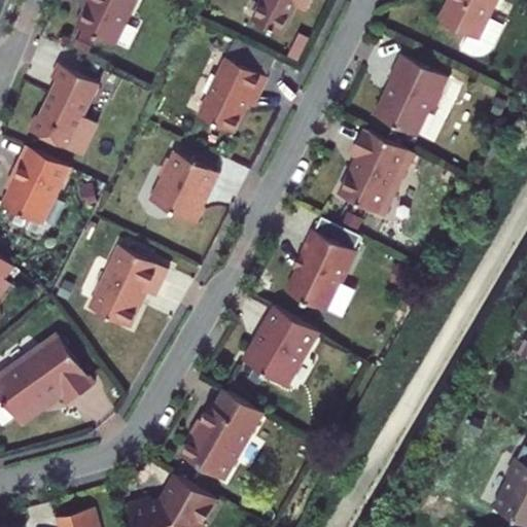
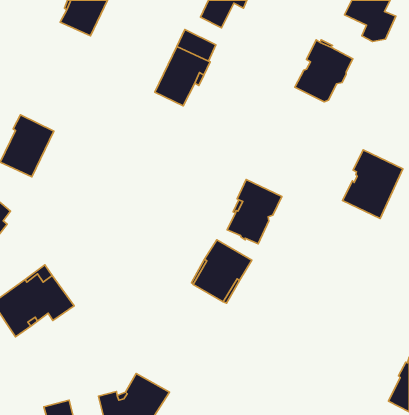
building: [28,65,97,159] -> none
building: [335,127,411,213] -> [343,150,403,218]
building: [151,151,218,223] -> none
building: [85,248,167,330] -> none
building: [177,388,260,480] -> none

